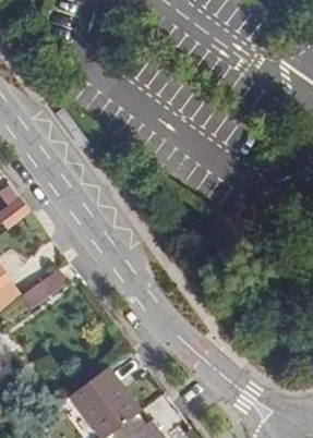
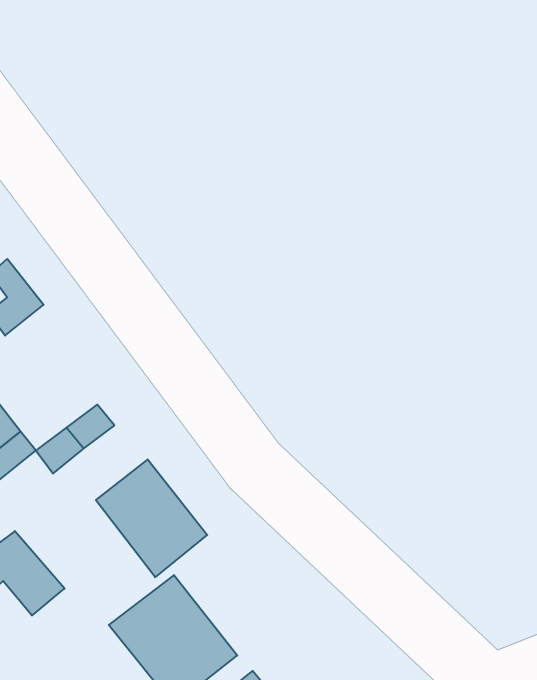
building: none -> [96,459,207,577]

